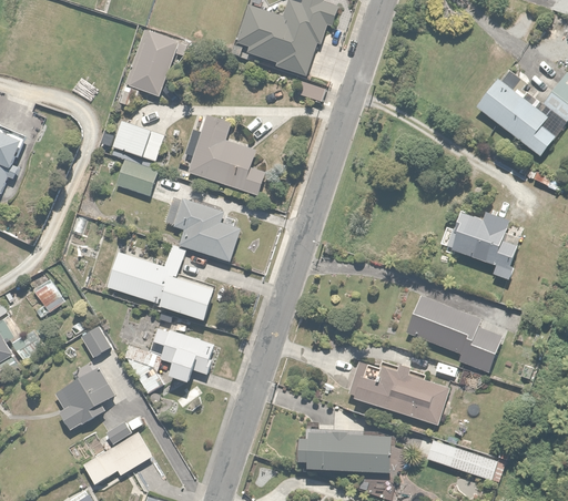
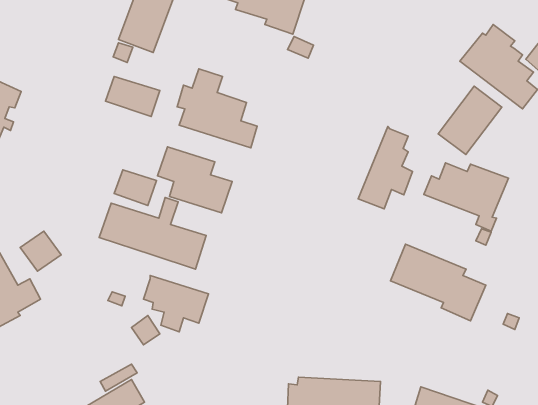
building: none -> [438,86,502,155]
building: [115,161,159,197] -> [114,170,157,205]
building: none -> [358,127,413,209]
building: [80,325,111,357] -> none
building: [352,361,449,425] -> none
building: [54,369,115,430] -> none

